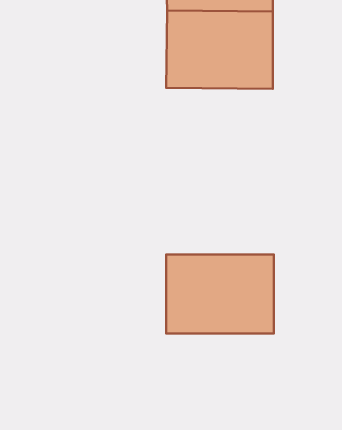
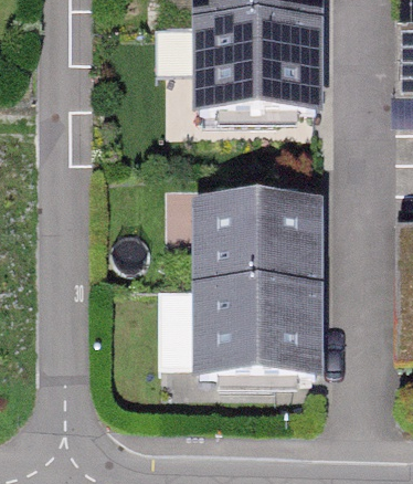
building: none -> [195,202,311,284]

